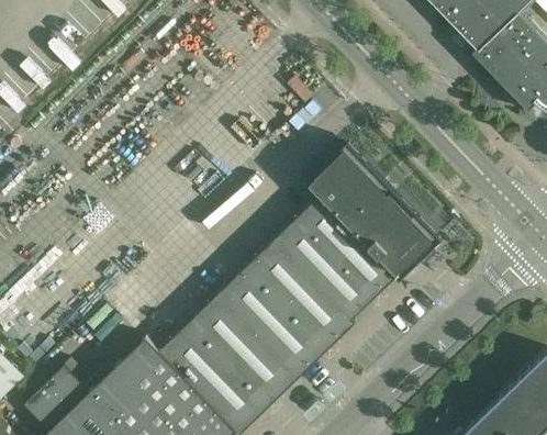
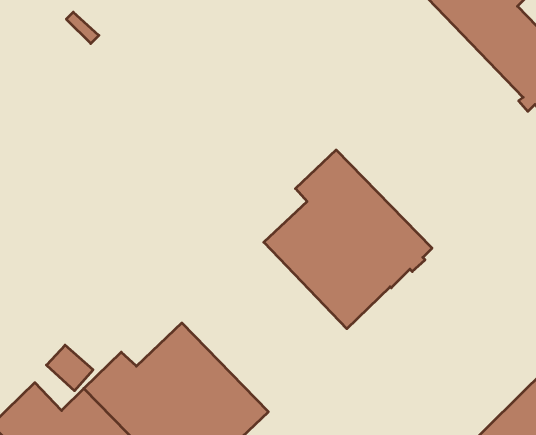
building: [201,234,356,393] -> none

